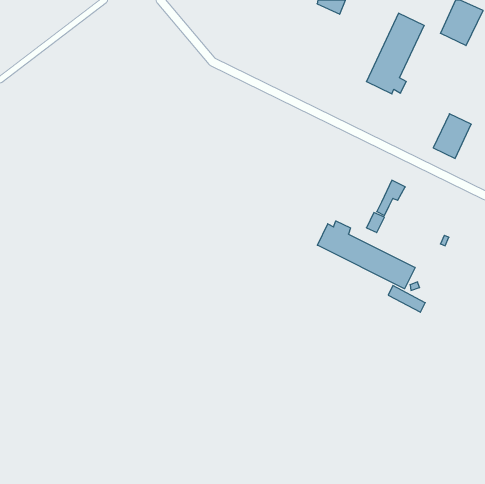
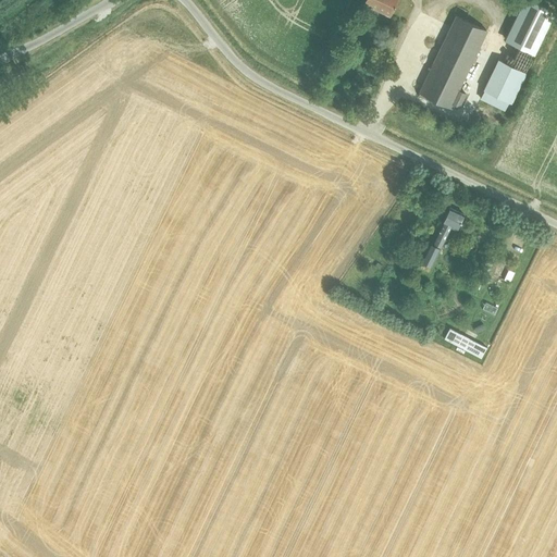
building: [433,114,471,158] -> [480,60,523,111]
building: [317,221,415,289] -> none

